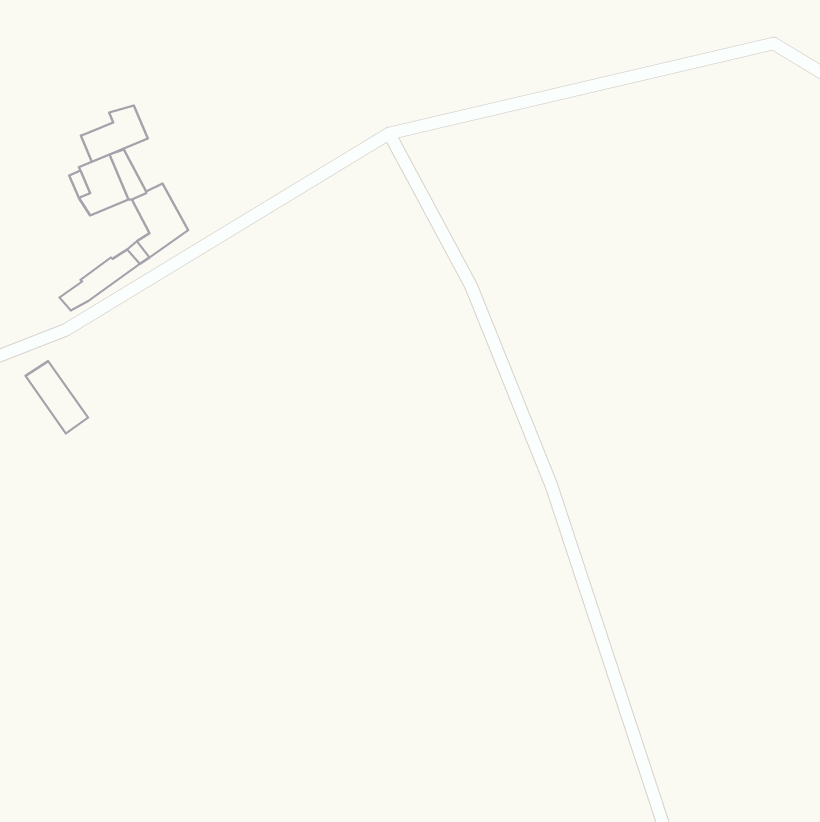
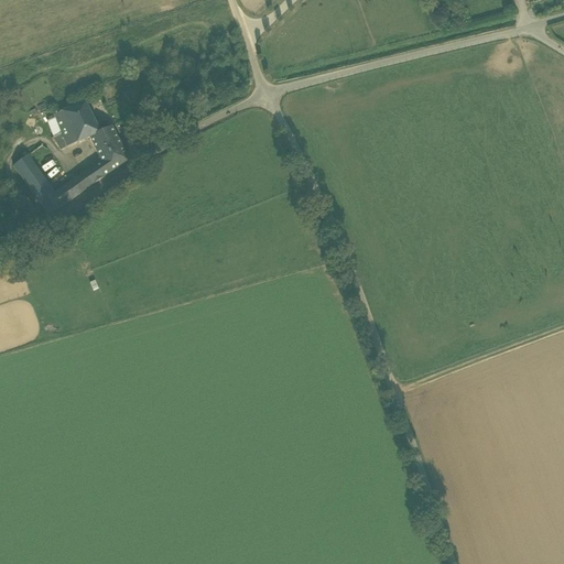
building: [81,105,148,162] -> none
building: [26,361,88,434] -> [14,154,57,204]

